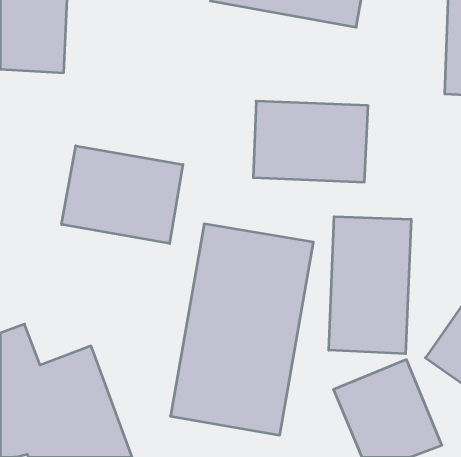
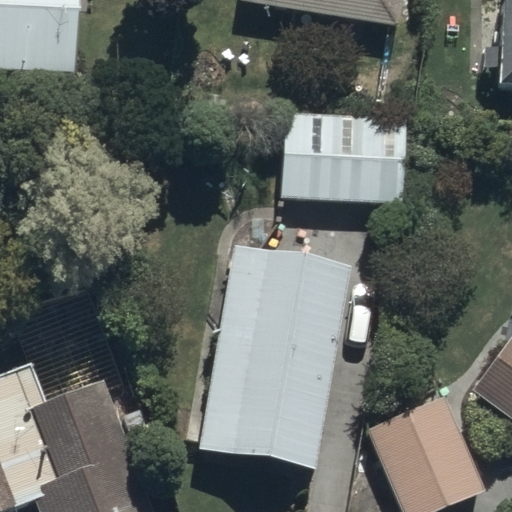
building: [62,146,183,244] -> none
building: [329,217,411,354] -> none

